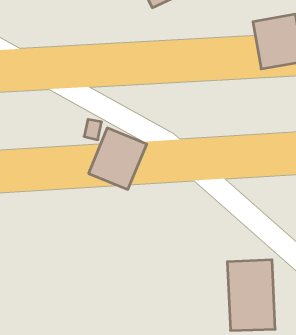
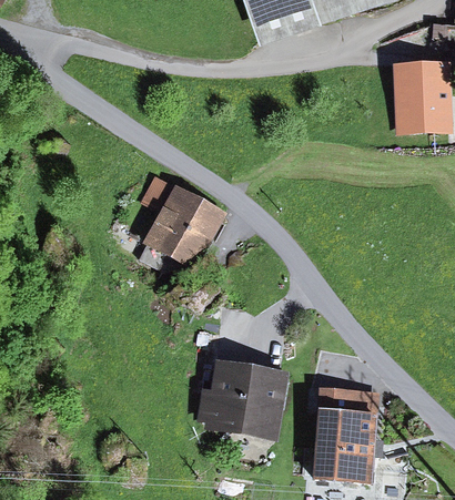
building: none -> [194,363,290,439]

